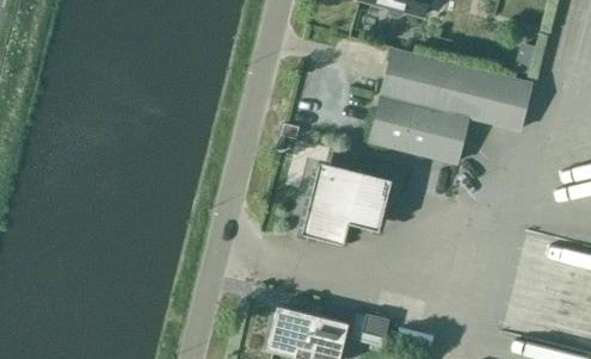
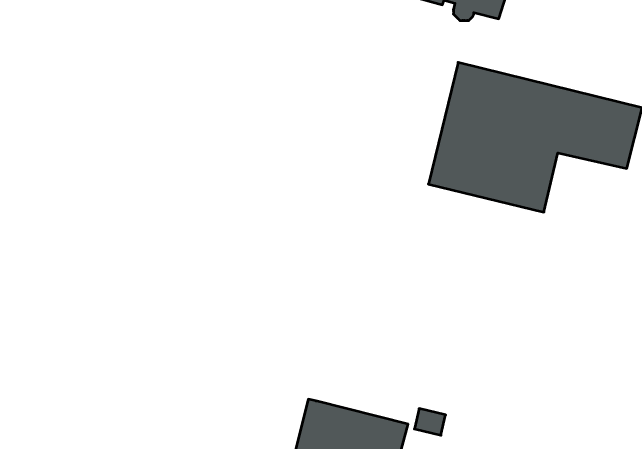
building: [301,161,392,243] -> none

